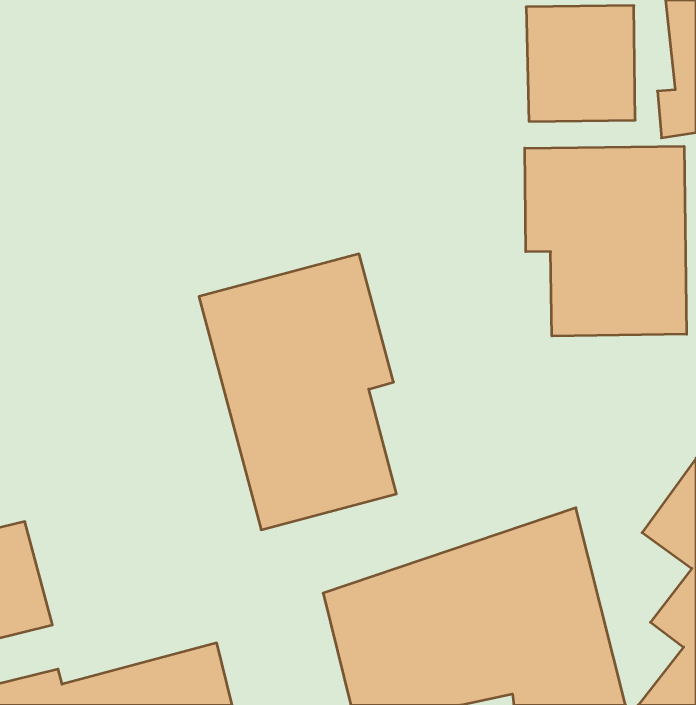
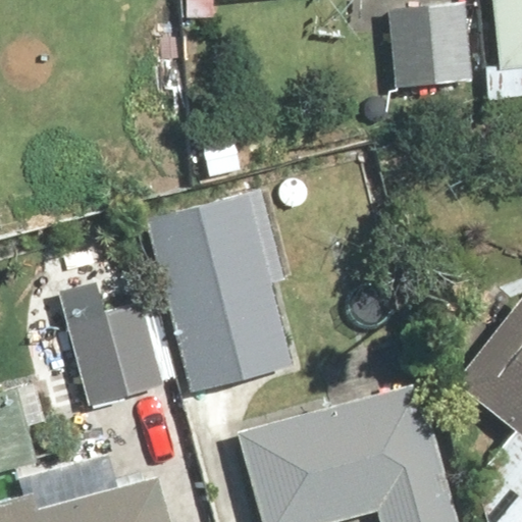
building: [525,146,687,336] -> none
building: none -> [64,299,166,408]

